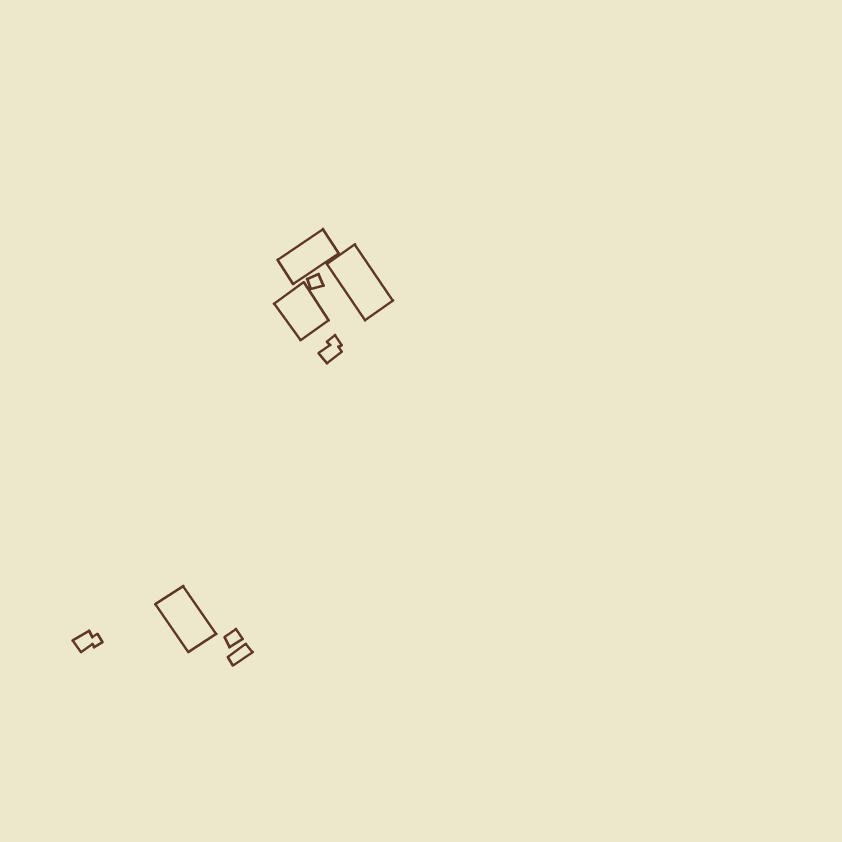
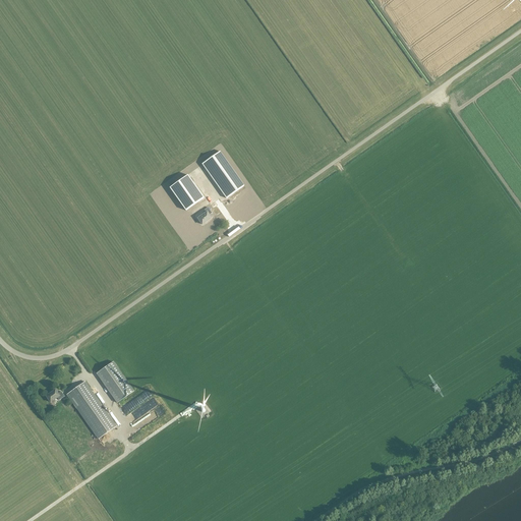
building: [278,229,339,284] -> none
building: none -> [66,381,115,438]

